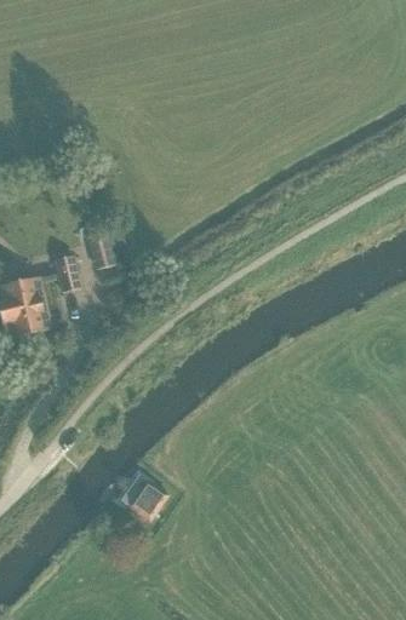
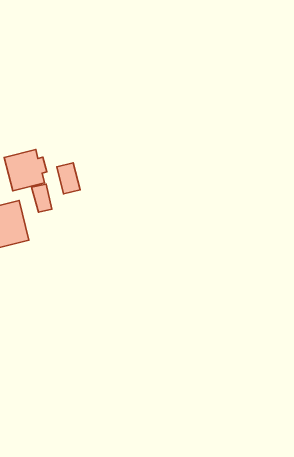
building: none -> [4,150,47,191]
building: [127,478,166,519] -> none

